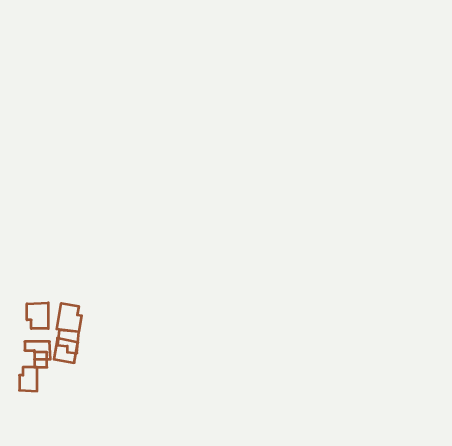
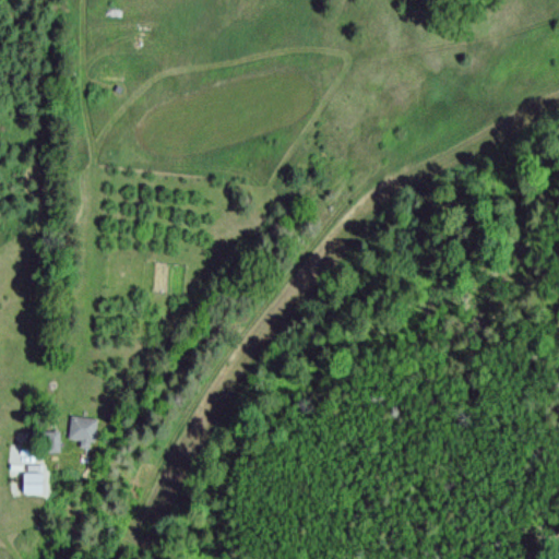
building: [27,303,48,329] -> none
building: [57,303,82,332] -> none

